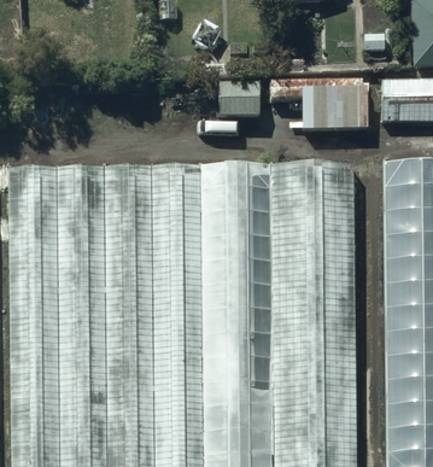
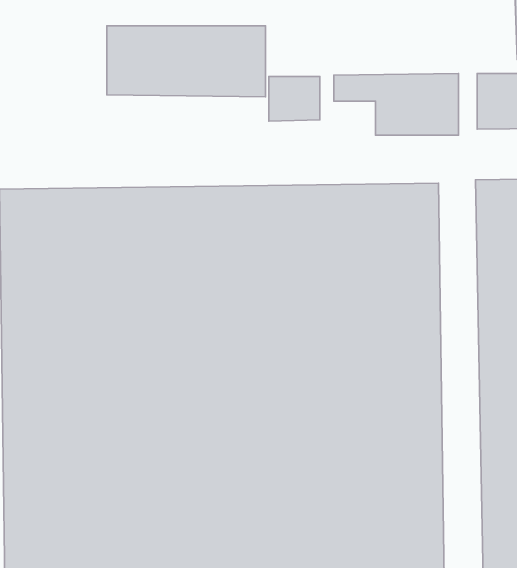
building: none -> [107,26,266,97]

